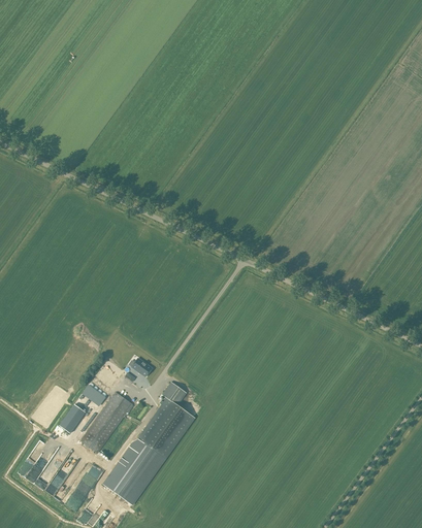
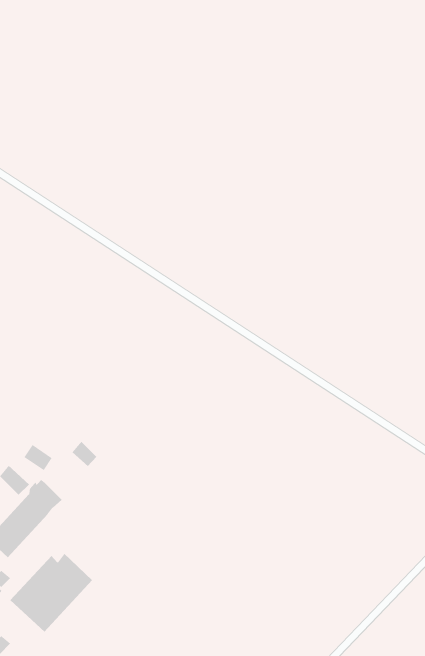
building: [137,382,193,458] -> none

